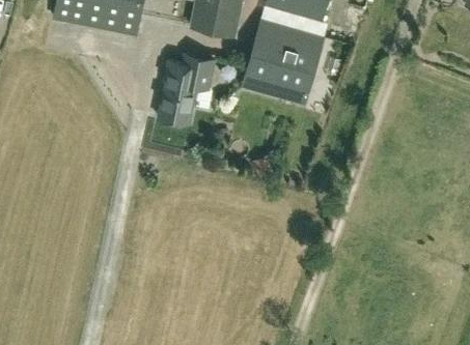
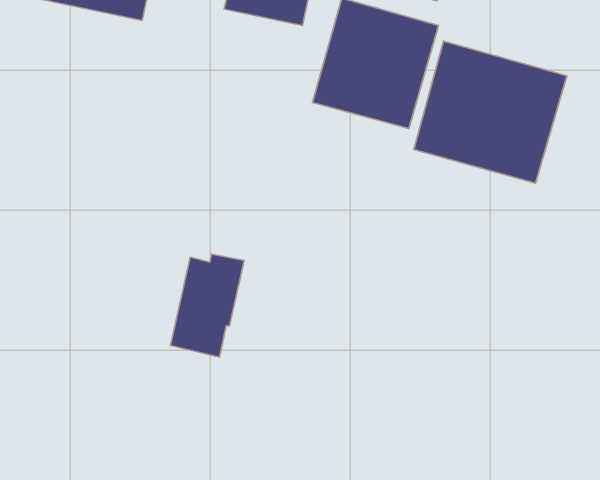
building: none -> [414,41,567,183]
building: [157,58,203,123] -> [171,254,244,357]

